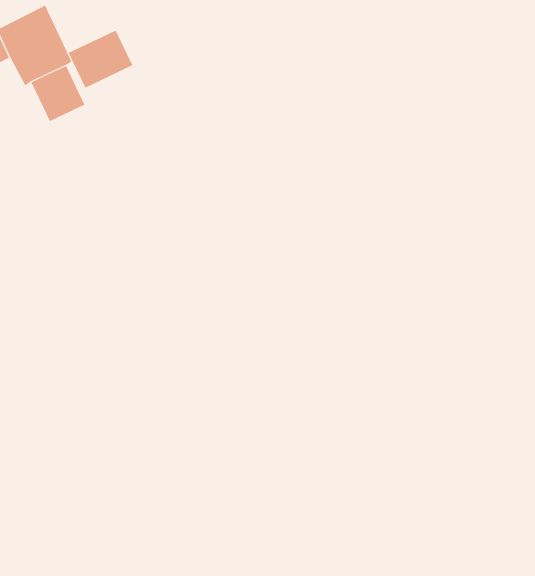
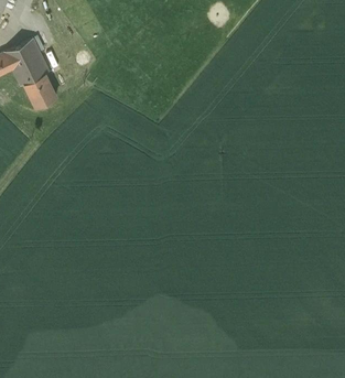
building: [68,30,133,88] -> none

